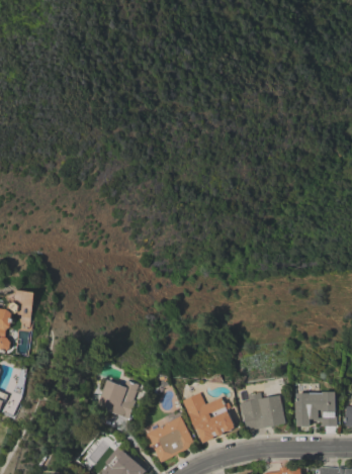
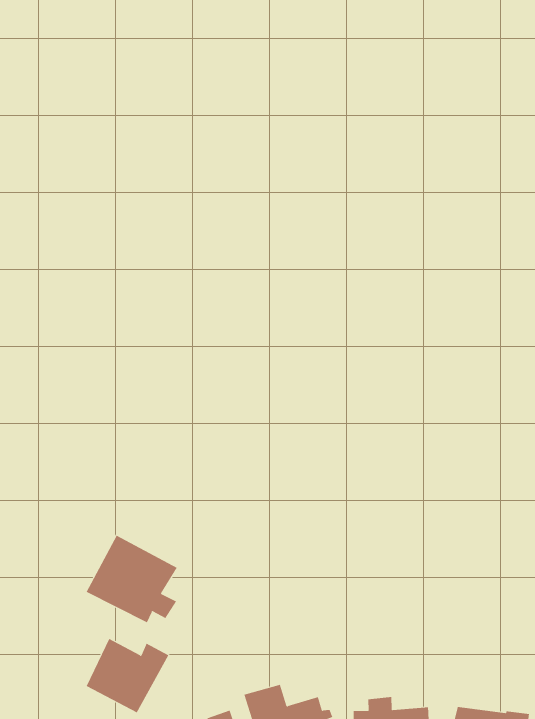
building: none -> [86,535,177,623]

